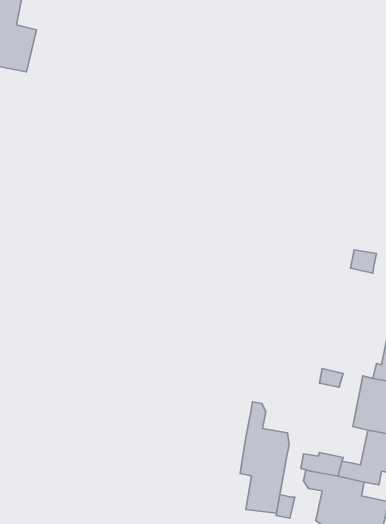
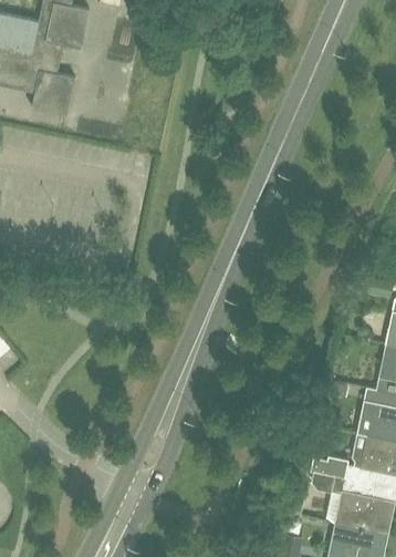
building: [240,402,289,513] -> none

